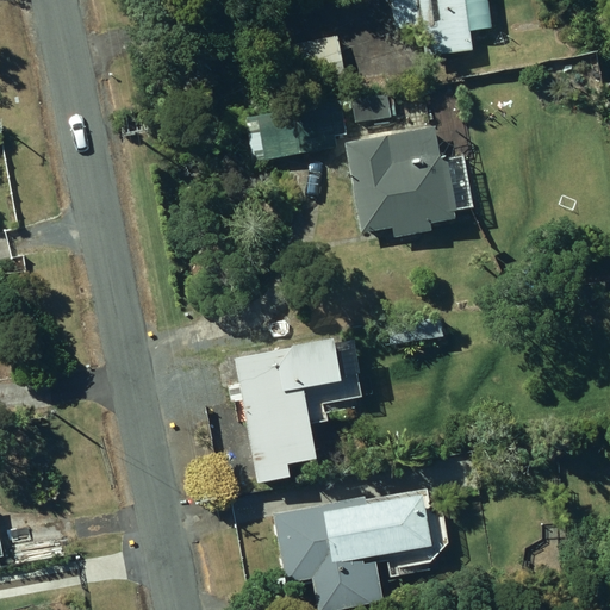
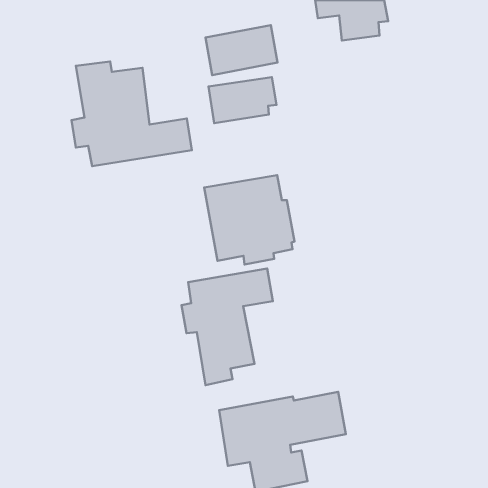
building: none -> [71,62,192,166]
building: [347,126,459,237] -> [204,175,294,265]

